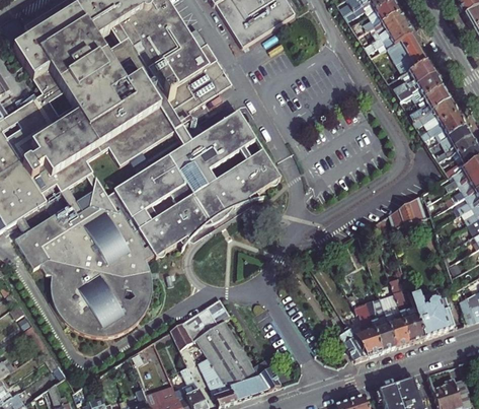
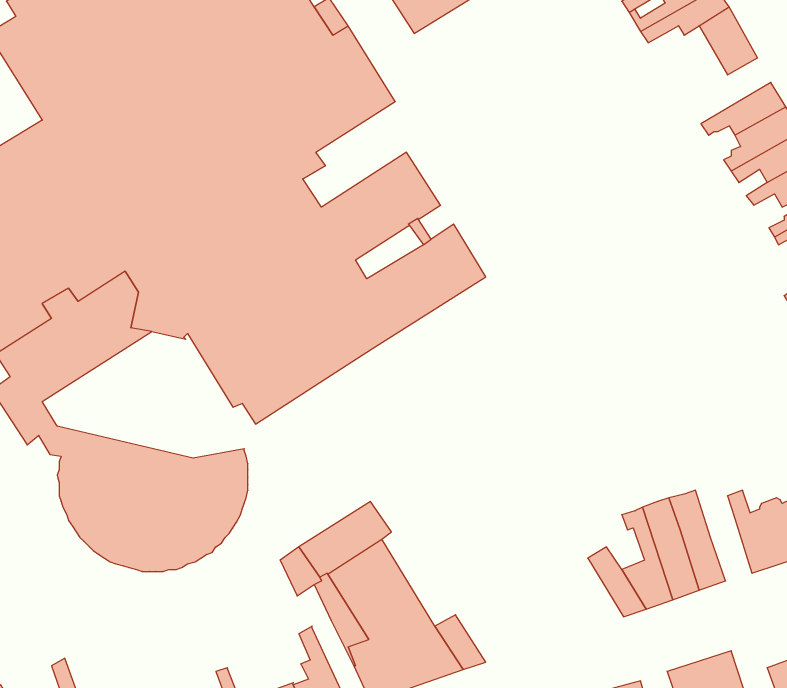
building: [392,59,433,94] -> none
building: [388,194,426,226] -> none
building: [43,206,155,274] -> none
building: [389,276,423,340] -> none

